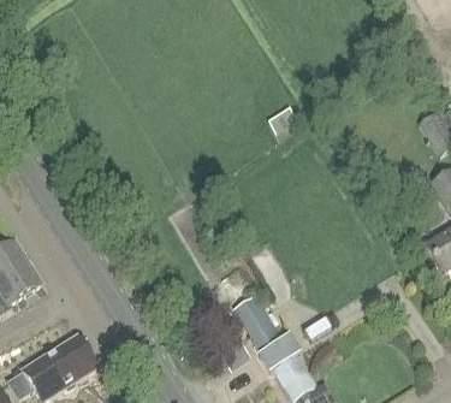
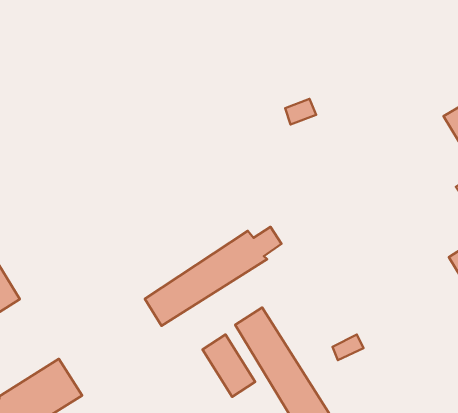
building: none -> [145,227,282,326]

